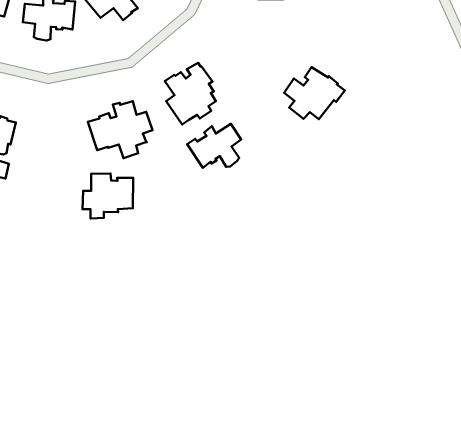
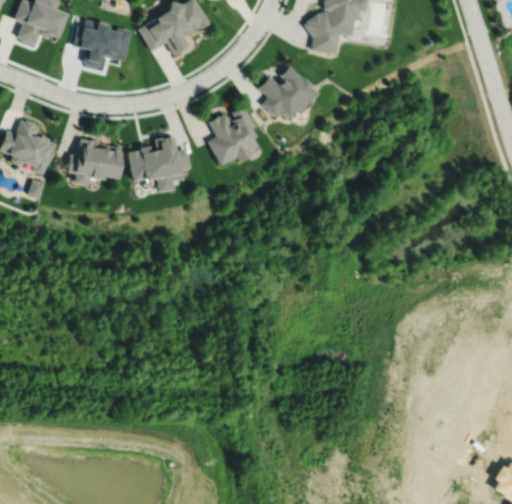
building: [284,67,345,119] -> [259,67,319,119]
building: [187,124,241,168] -> none
building: [82,173,133,218] -> [68,139,122,184]

